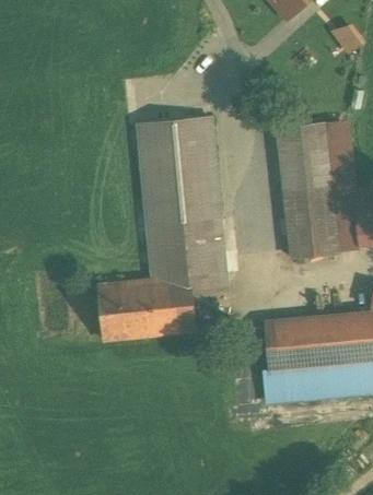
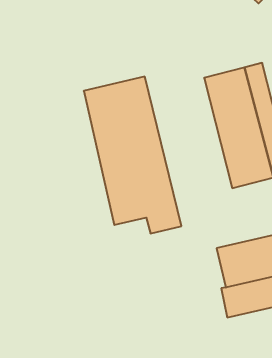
building: [98,276,195,339] -> none

